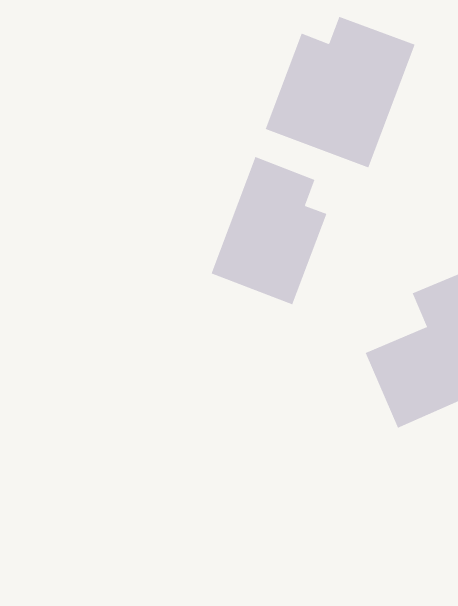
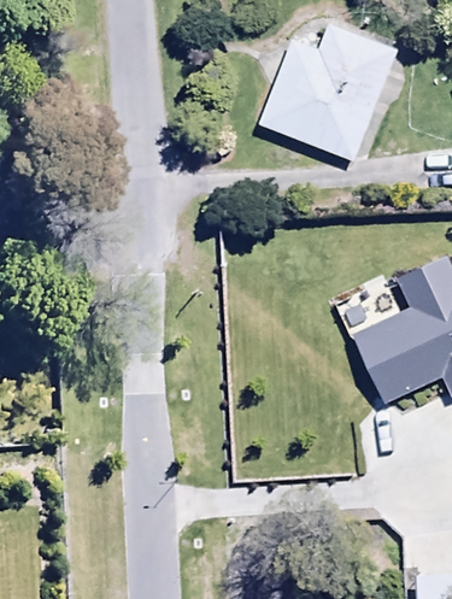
building: [211,156,327,305] -> none

